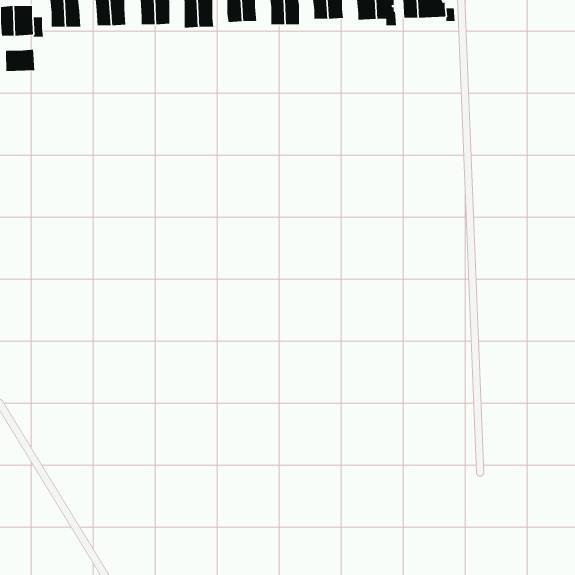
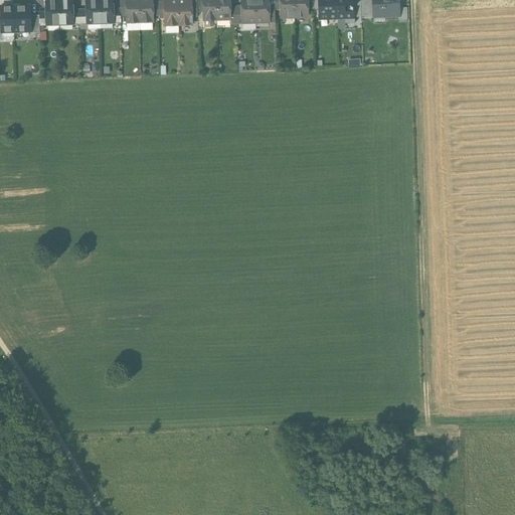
building: [6,49,35,72] -> none

